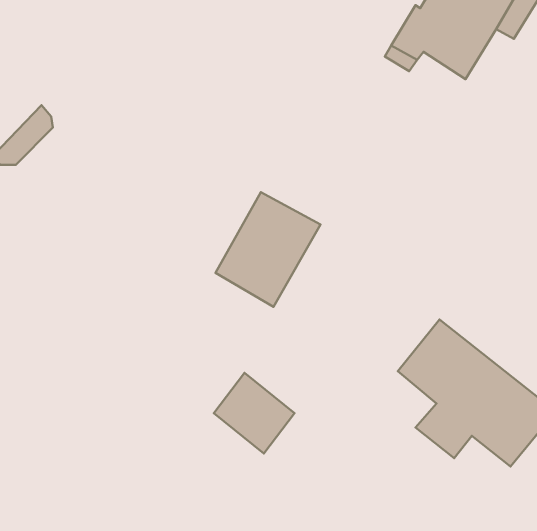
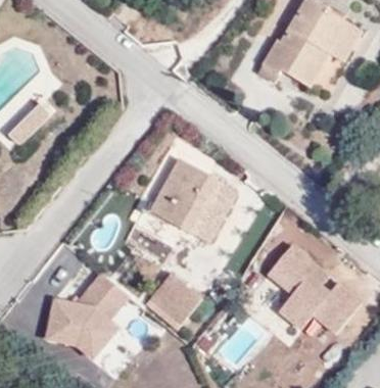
building: none -> [188,180,239,244]
building: none -> [42,275,138,360]

